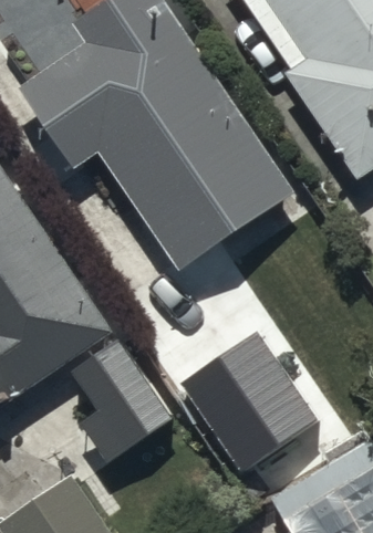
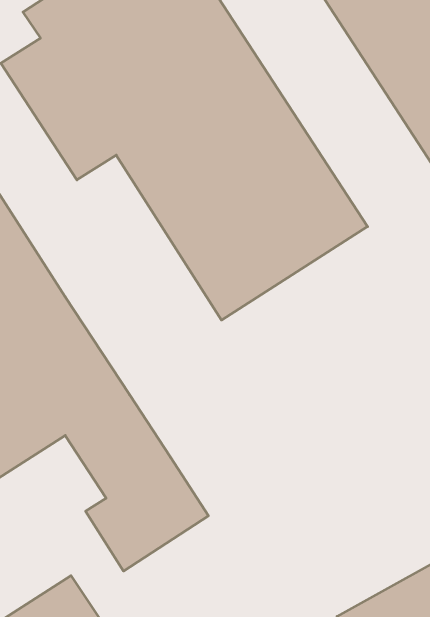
building: [162,317,297,472] -> none

